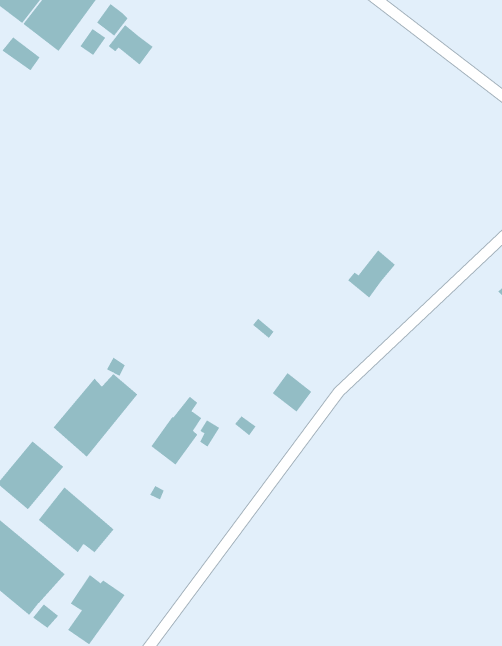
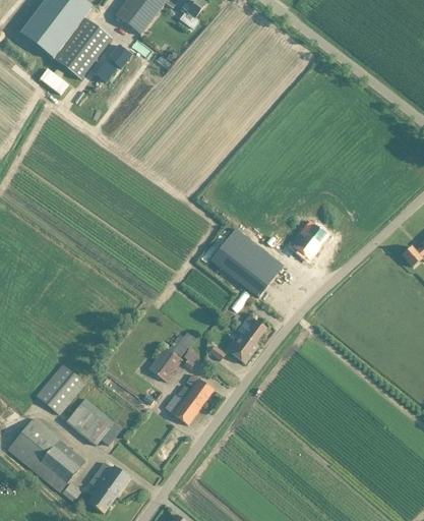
building: [108,24,153,65] -> none
building: none -> [210,228,284,297]
building: [53,373,138,458] -> none
building: none -> [228,333,258,363]
building: none -> [164,373,214,424]

